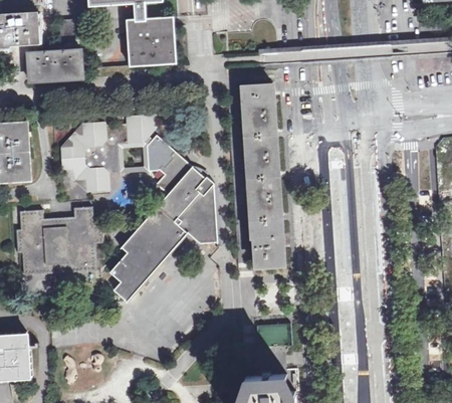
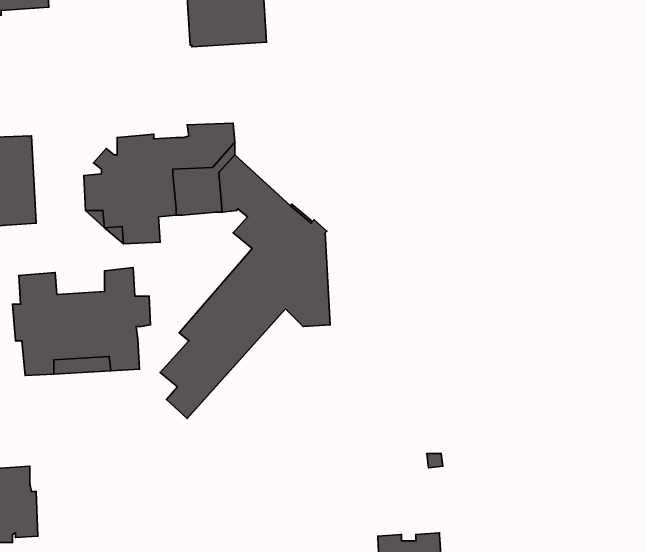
building: [27,48,81,82] -> none
building: [241,84,283,267] -> none

